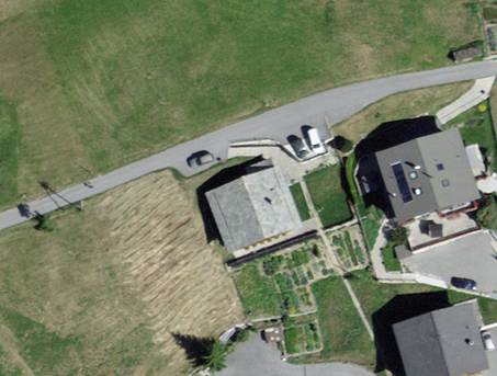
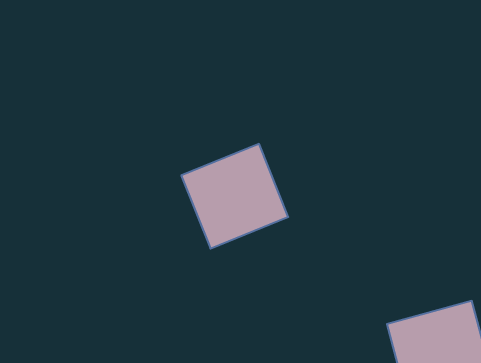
building: [376,130,472,224] -> none

